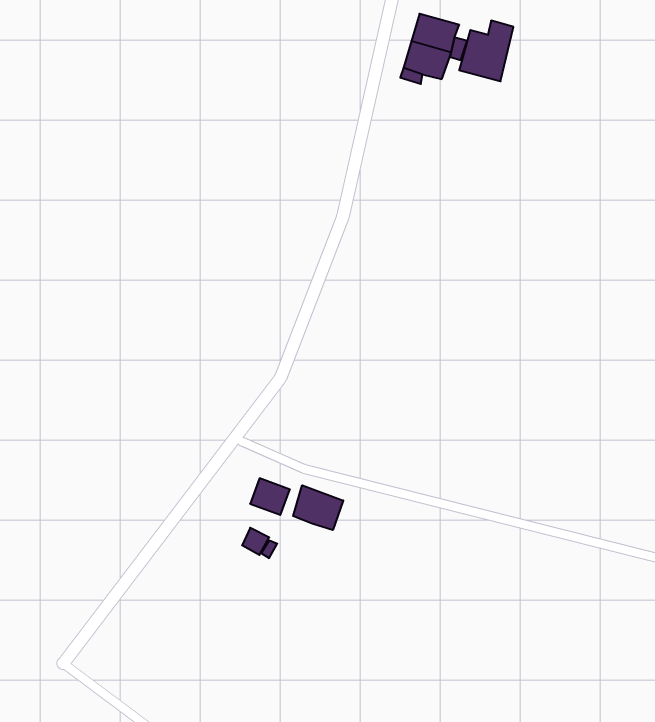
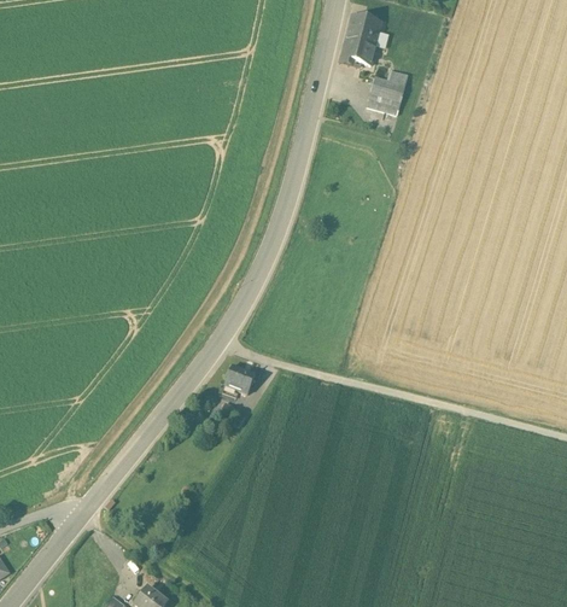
building: [459,21,513,81] -> [367,68,408,113]
building: [293,485,343,530] -> none

